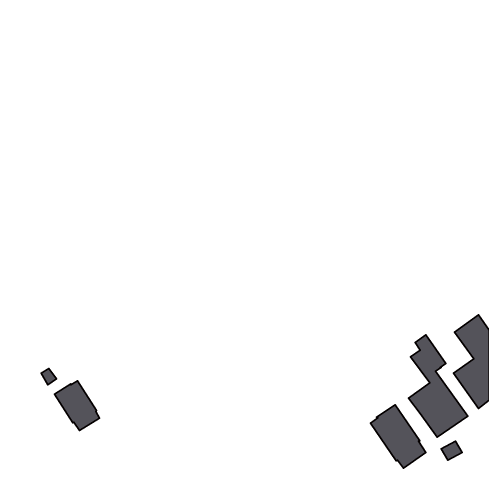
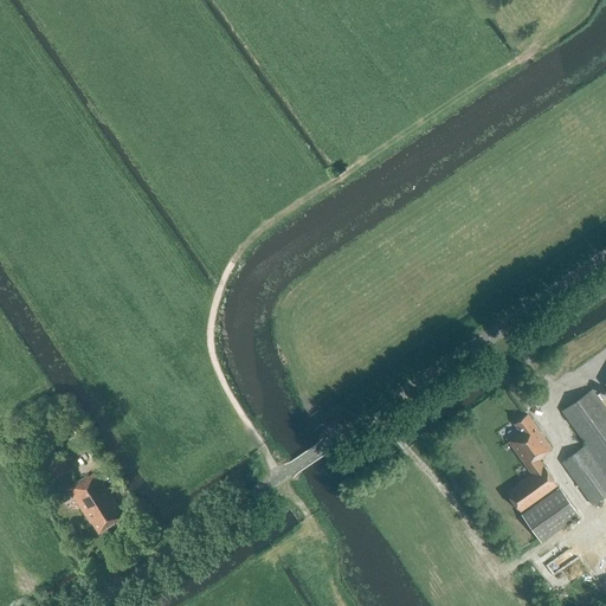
building: [371,405,426,468] -> none

